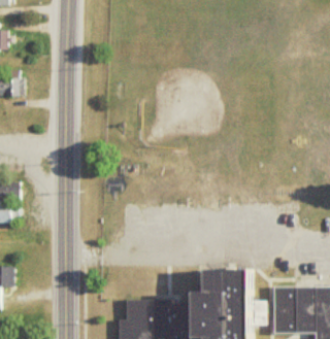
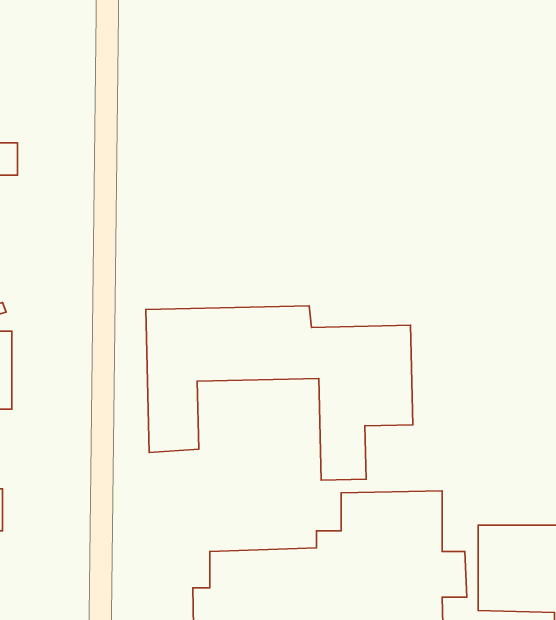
building: none -> [146,306,413,480]

